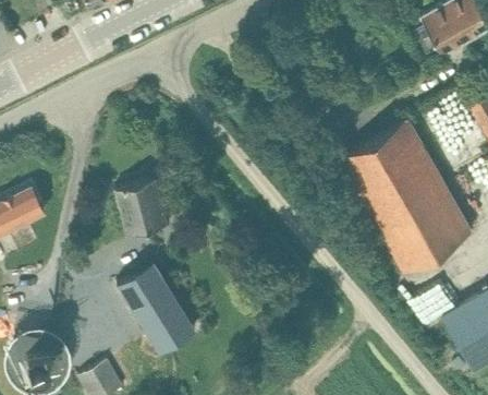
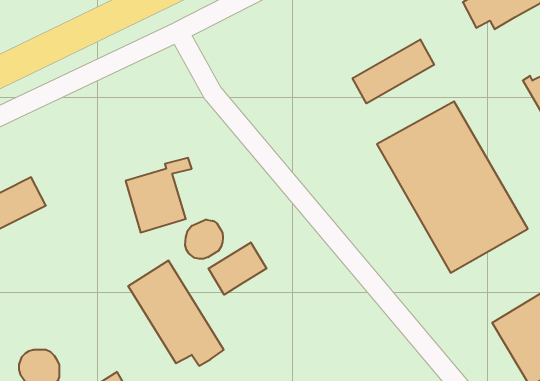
building: none -> [353,39,434,103]
building: none -> [185,219,223,259]
building: none -> [208,242,266,295]

